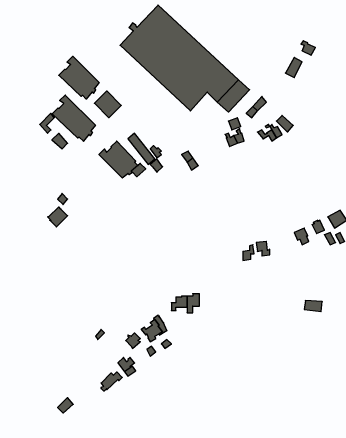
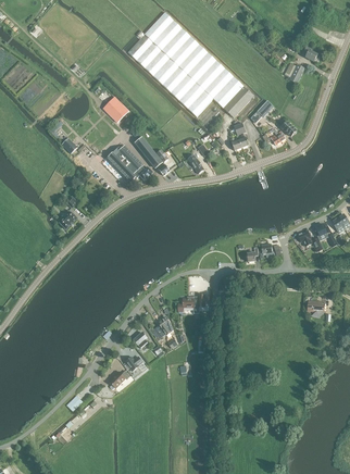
building: [59,56,99,99] -> none
building: [52,95,95,141] -> none

